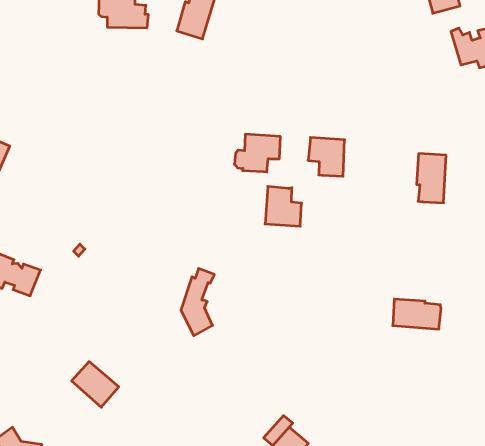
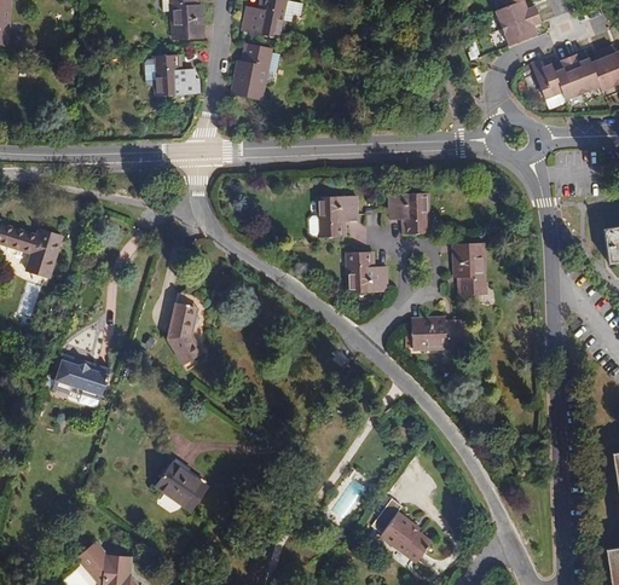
building: [417,154,446,203] -> [452,243,485,296]
building: [181,269,214,336] -> [167,292,203,366]
building: [393,299,441,329] -> [412,318,464,348]

